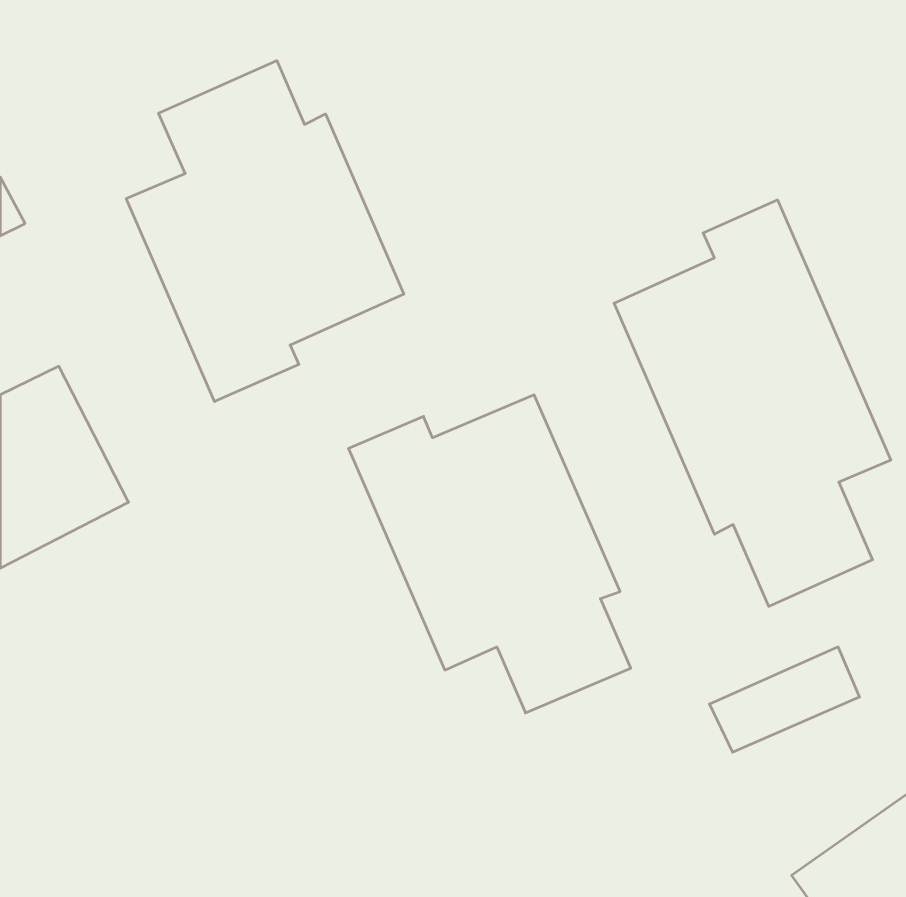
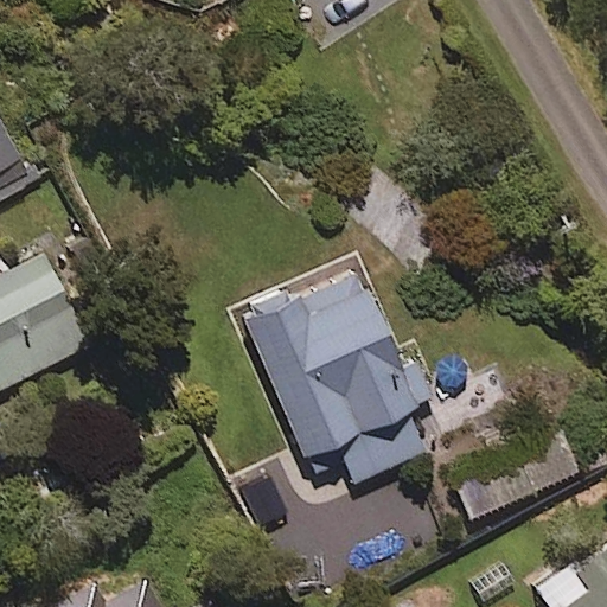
building: [126,61,404,402] -> none
building: [614,200,891,606] -> none

